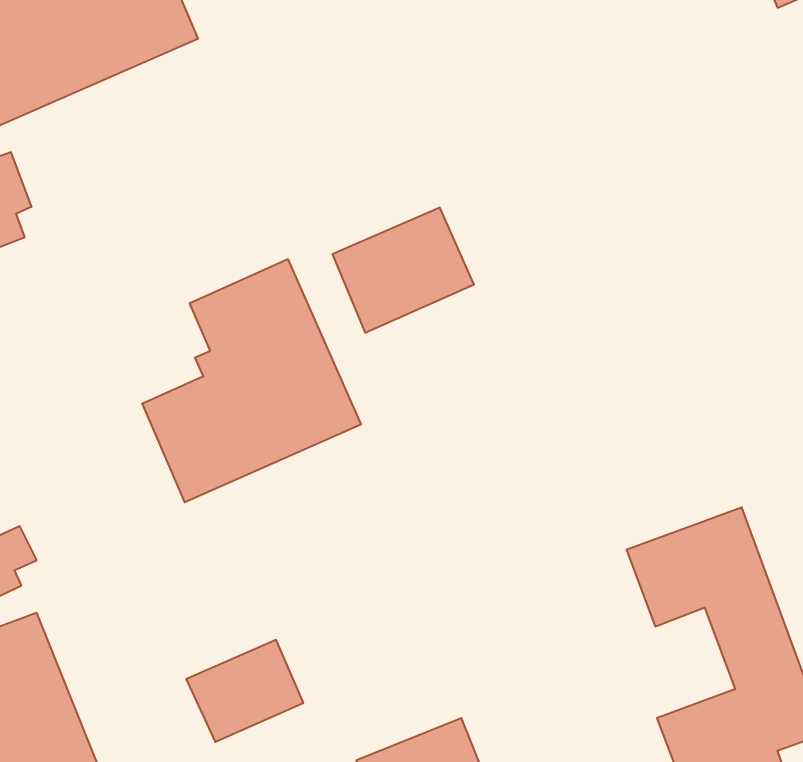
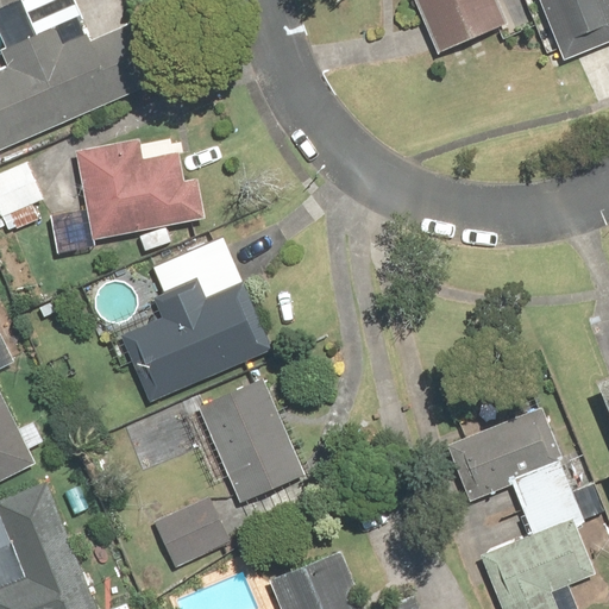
building: none -> [49,138,202,251]
building: [333,207,474,333] -> none
building: none -> [183,381,306,503]

